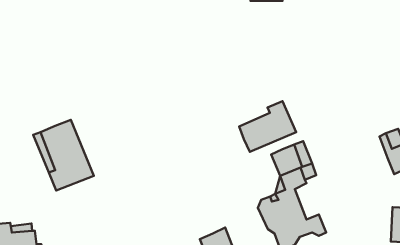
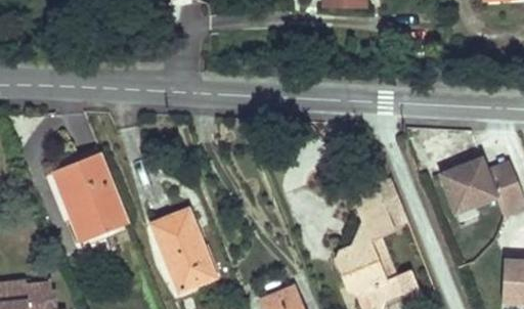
building: [239,101,296,152] -> none
building: none -> [438,159,495,215]
building: none -> [151,209,215,290]

